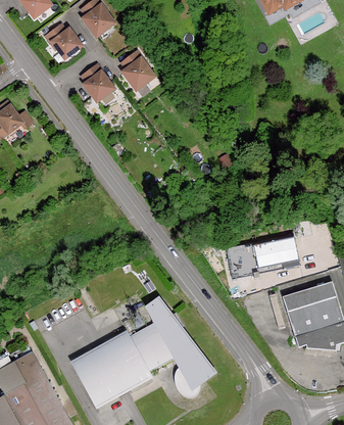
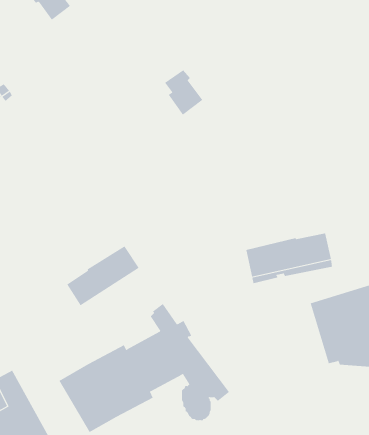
building: [120,51,153,90] -> [164,69,203,116]
building: [81,64,112,101] -> none
building: none -> [66,245,139,306]

